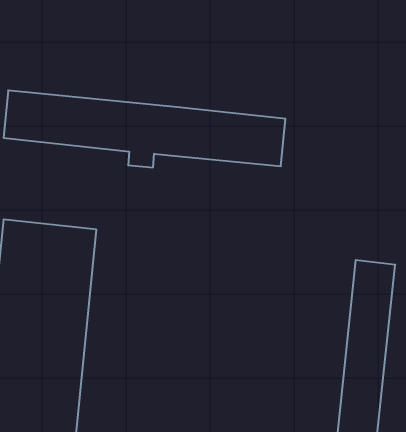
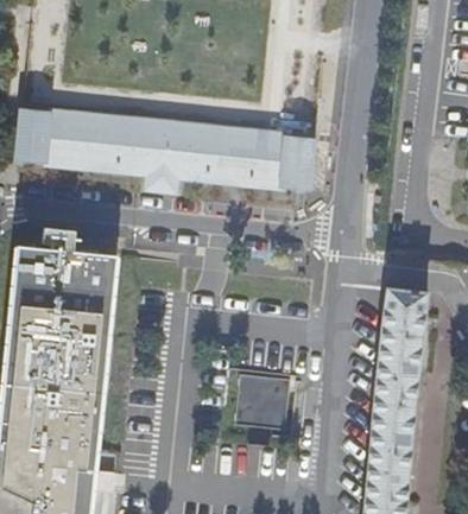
building: none -> [236,374,293,430]

